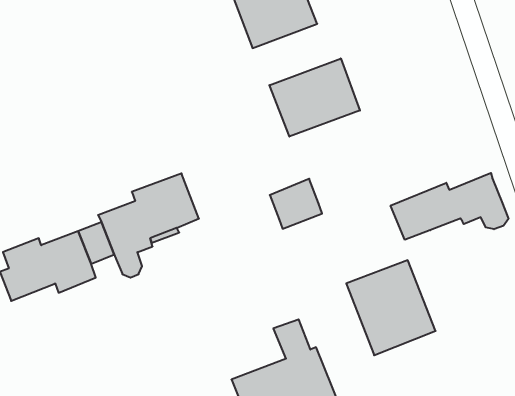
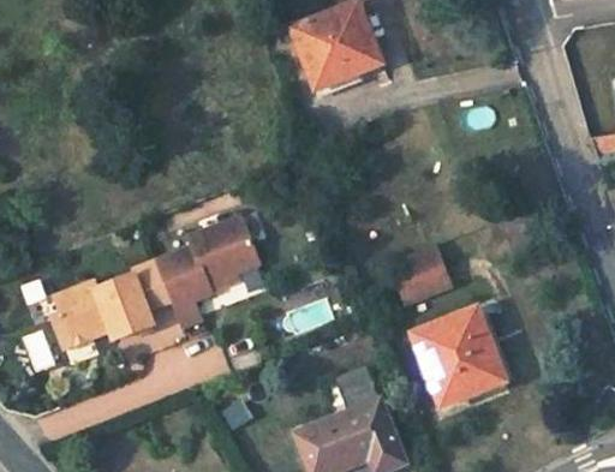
building: [269,58,360,137] -> none
building: [391,173,508,240] -> none
building: [270,179,322,229] -> [394,247,448,299]

